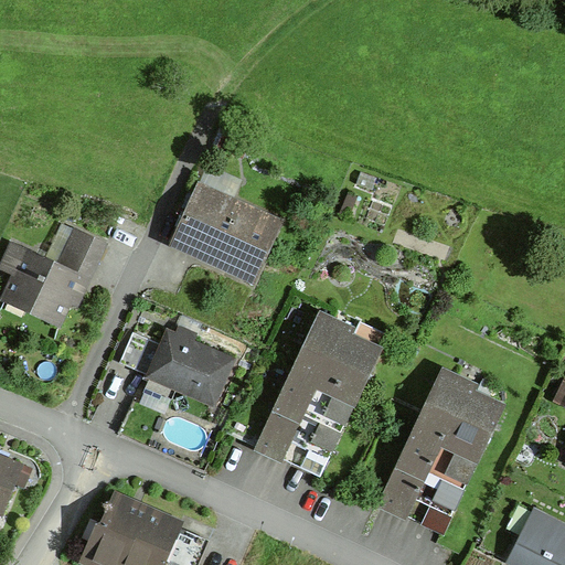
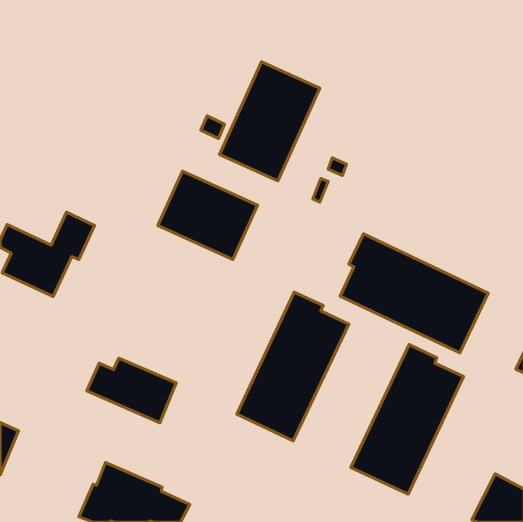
building: none -> [219,62,320,181]
building: none -> [340,234,488,353]
building: [132,332,228,402] -> [87,358,176,423]

